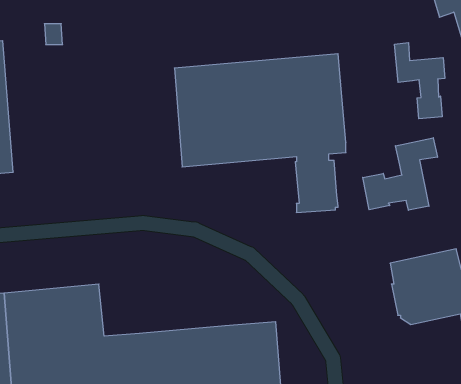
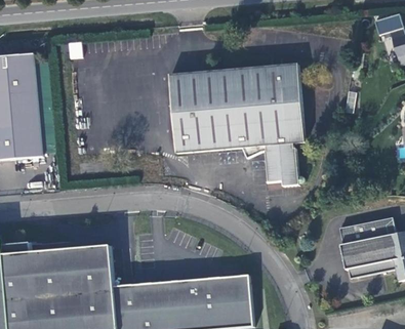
building: [395,43,445,119] -> none
building: [363,138,437,210] -> none

